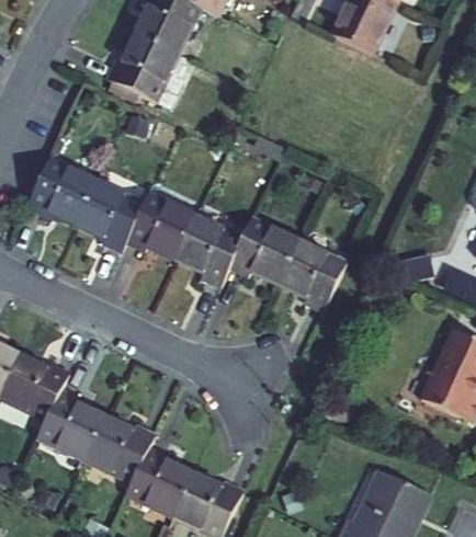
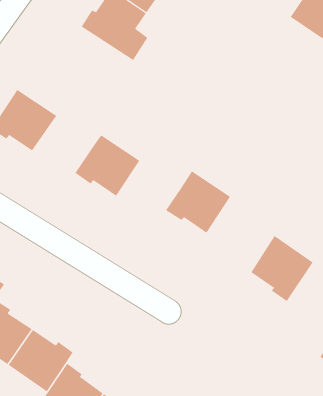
building: [76,180,143,249] -> none
building: [174,215,242,284] -> none
building: [279,239,345,309] -> [250,235,314,302]

